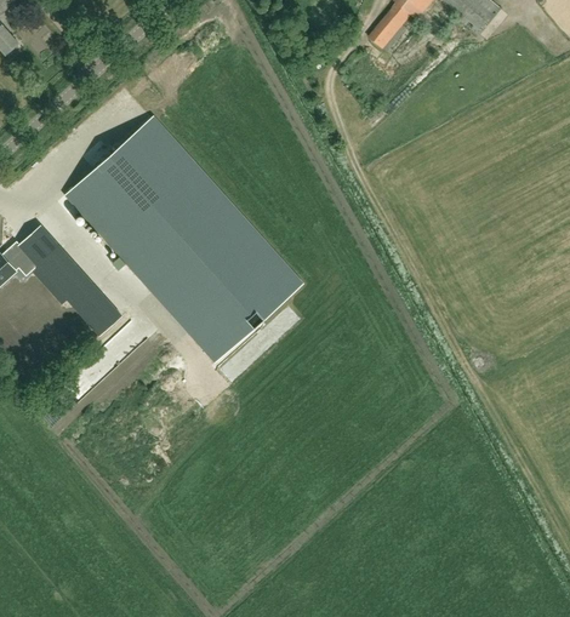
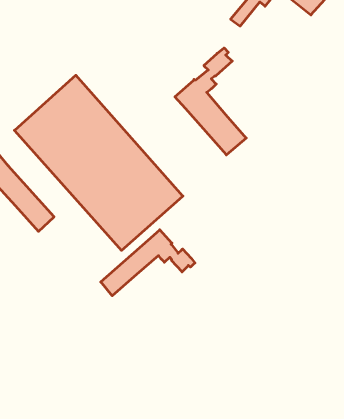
building: none -> [175,48,246,155]
building: none -> [101,230,195,296]

